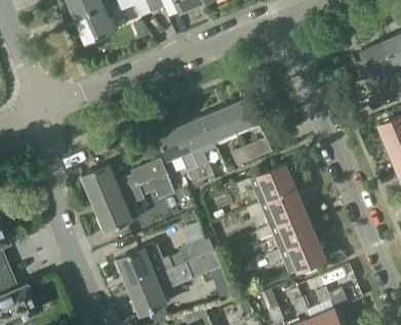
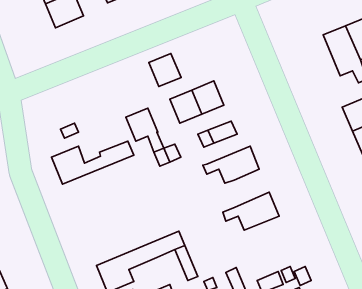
building: [181,117,213,151] -> [149,54,181,87]
building: [93,174,174,232] -> none
building: [247,189,305,228] -> none
building: [117,237,212,287] -> none
building: [267,237,325,275] -> none

